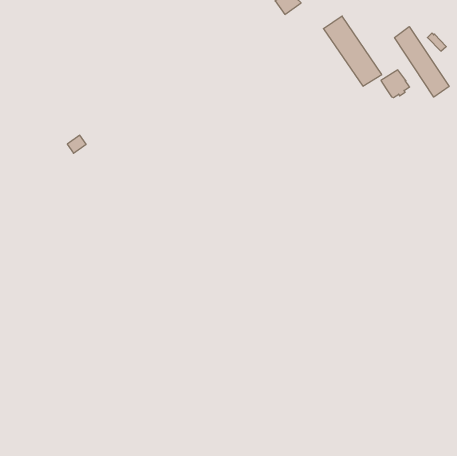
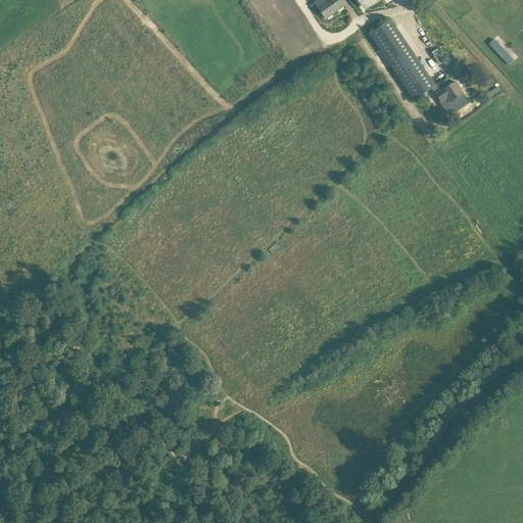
building: [395,27,449,97] -> none

